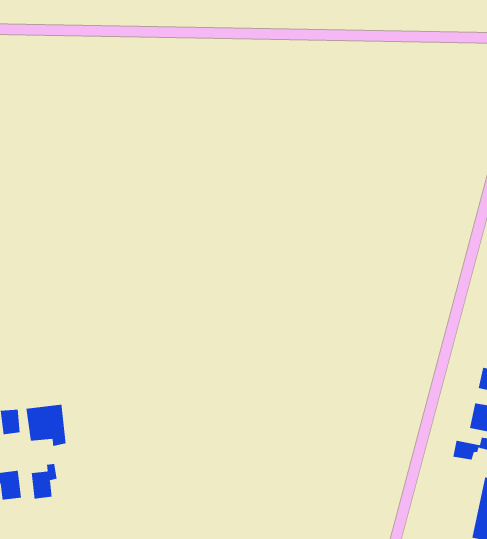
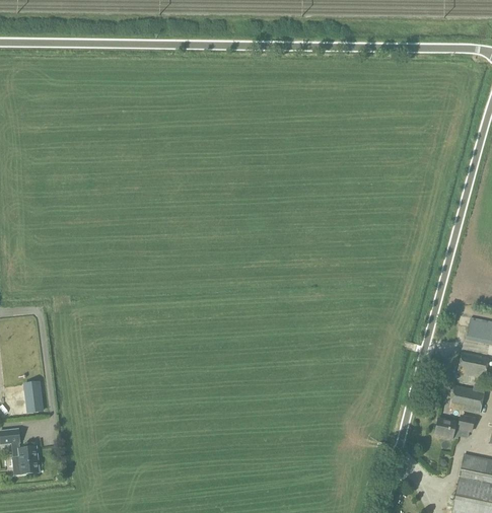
building: [26,404,66,447] -> none
building: [31,463,57,500] -> none

